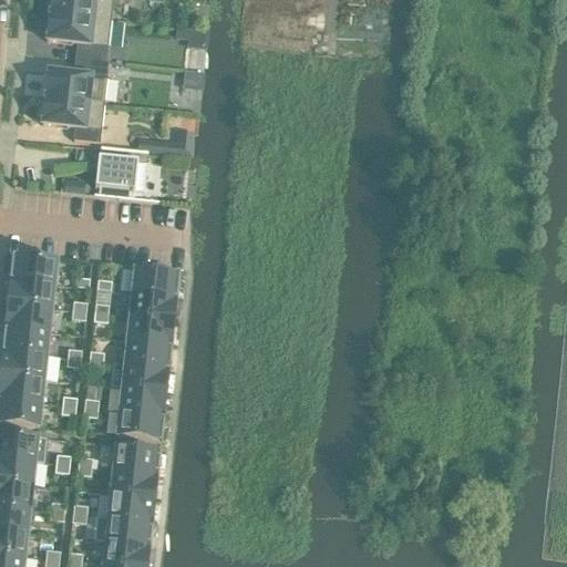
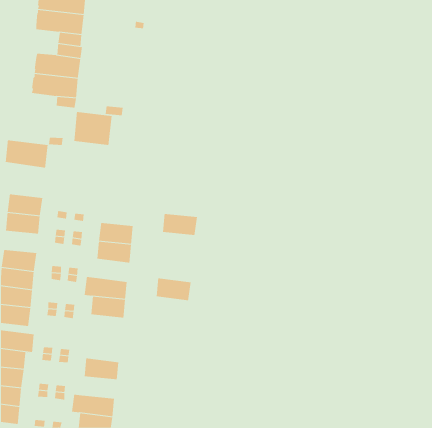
building: none -> [5,140,48,169]
building: [132,267,178,296] -> [162,214,198,236]
building: [4,302,51,331] -> none
building: [124,339,171,369] -> [156,278,191,301]
building: [115,412,163,441] -> none
building: [112,445,158,474] -> none
building: [107,493,154,522] -> none

